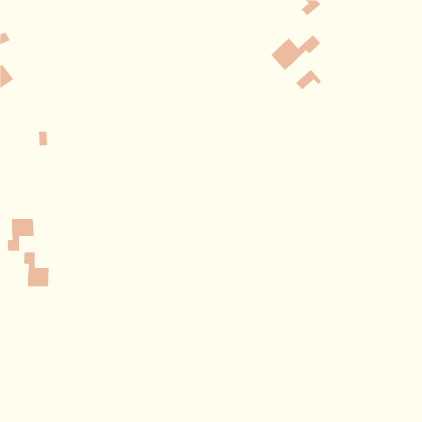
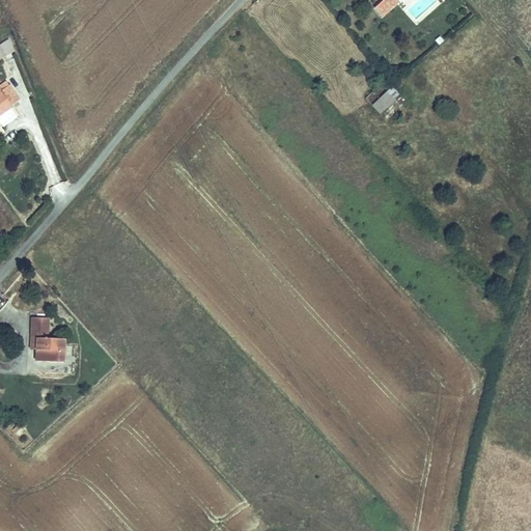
building: [270,35,321,71] -> none
building: [7,218,34,252] -> none

